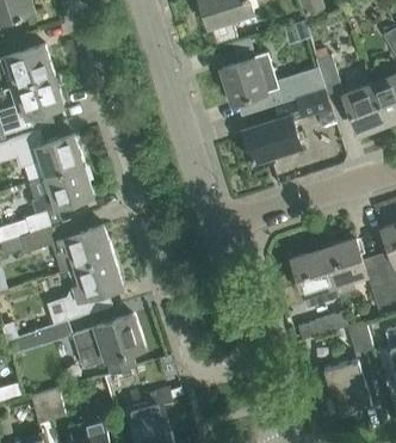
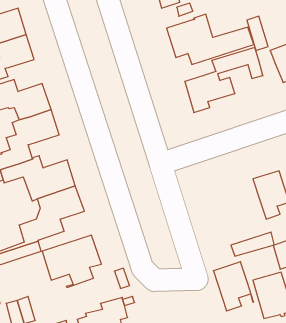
building: [291,248,339,307] -> [213,262,254,311]

